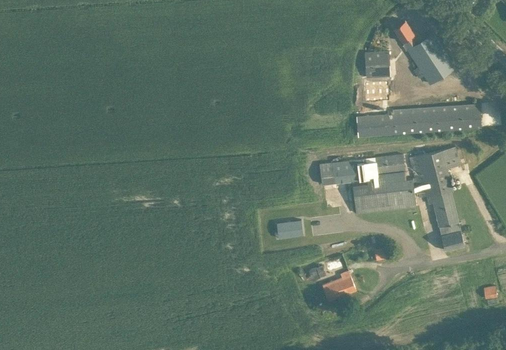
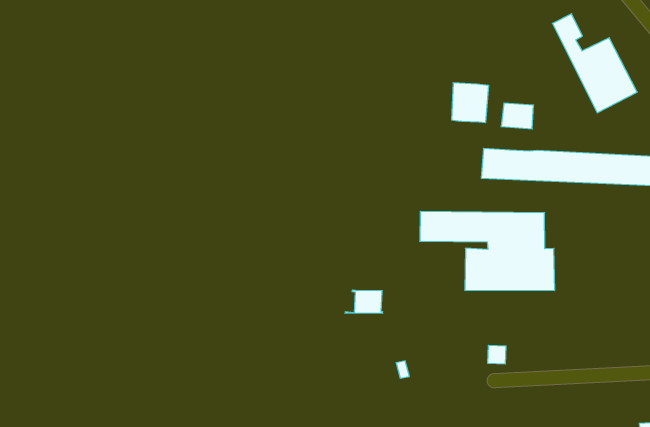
building: [364,51,389,77] -> [452,83,489,123]
building: [409,147,463,251] -> none
building: [322,271,355,300] -> none

